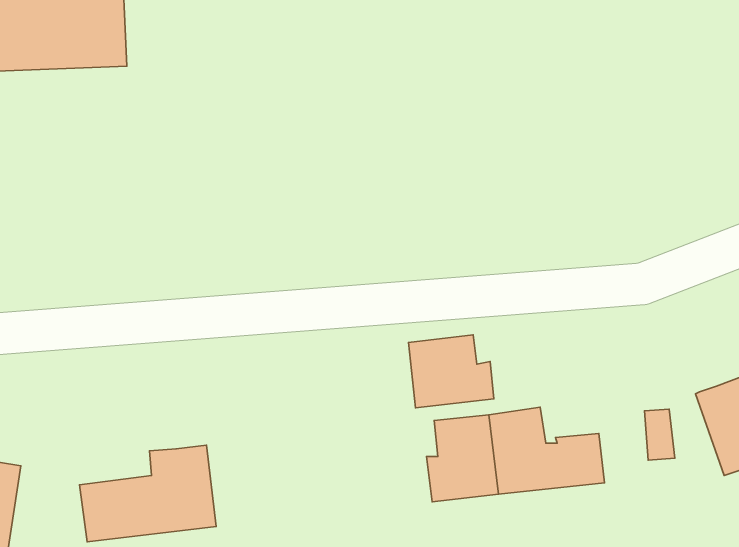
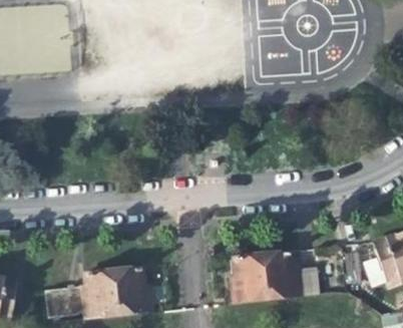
building: [408,335,494,408] -> none
building: none -> [113,267,152,313]

